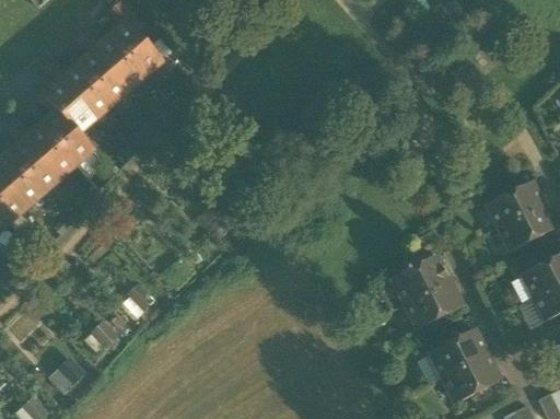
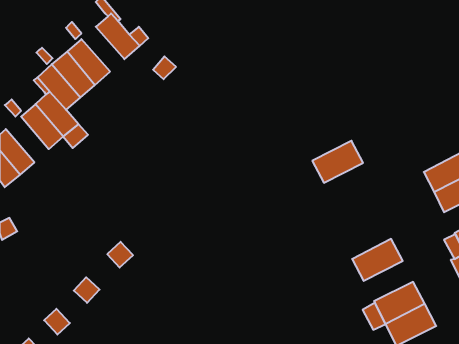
building: [96,37,145,89] -> none
building: [10,140,59,193] -> none
building: [393,255,451,303] -> [312,141,363,183]

